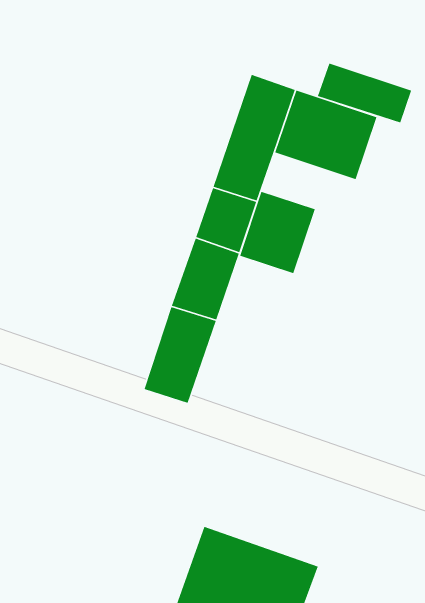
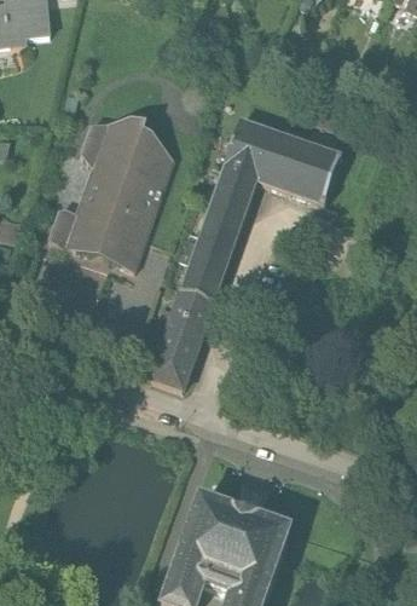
building: [317,63,412,124] -> none
building: none -> [47,115,172,269]
building: [239,191,316,274] -> none

